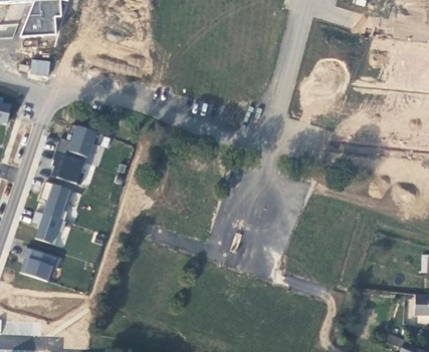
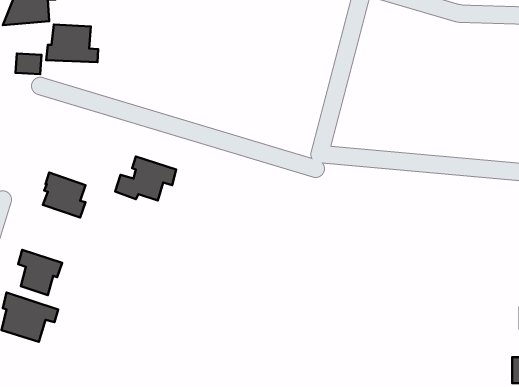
building: none -> [46,25,98,62]
building: [56,123,103,157] -> [115,157,176,201]
building: [40,181,72,220] -> none

